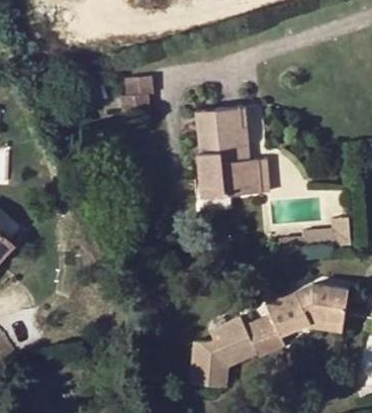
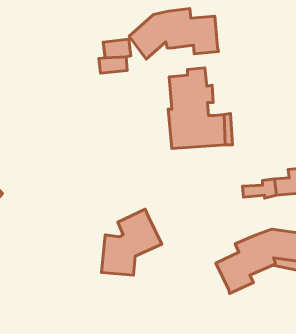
building: none -> [129,9,218,59]
building: [197,312,264,385] -> [101,209,162,275]

